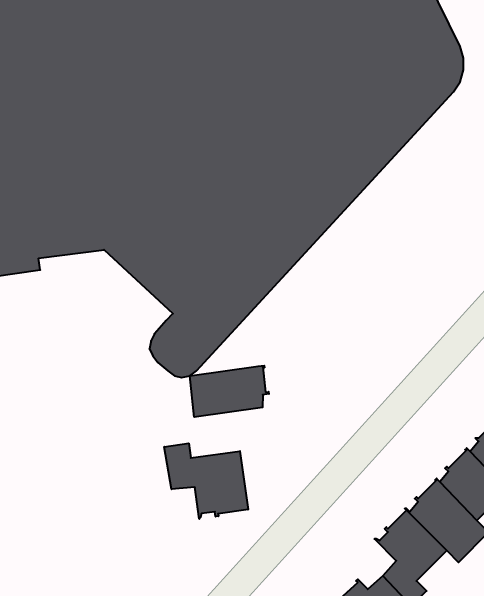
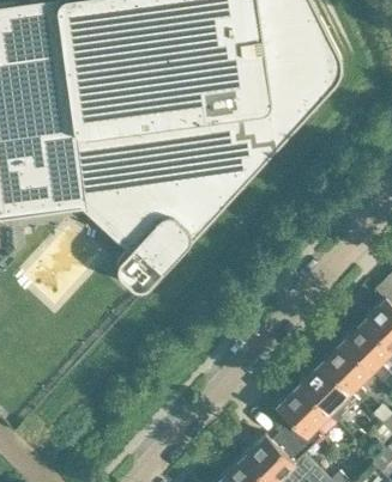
building: [190,366,269,417] -> none
building: [164,443,248,519] -> none

